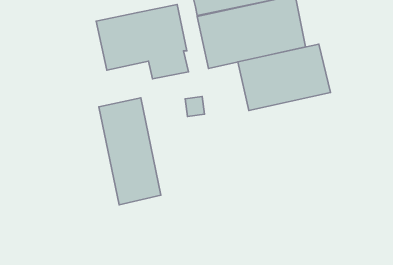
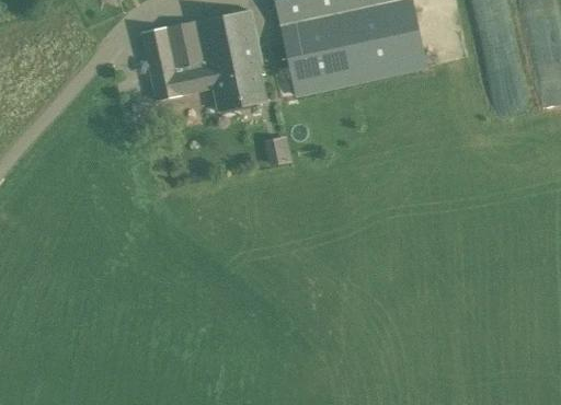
building: [238,44,331,111] -> none
building: [99,98,161,205] -> none

